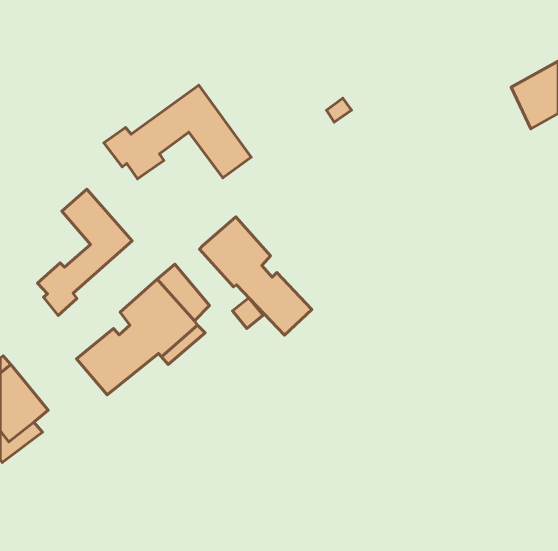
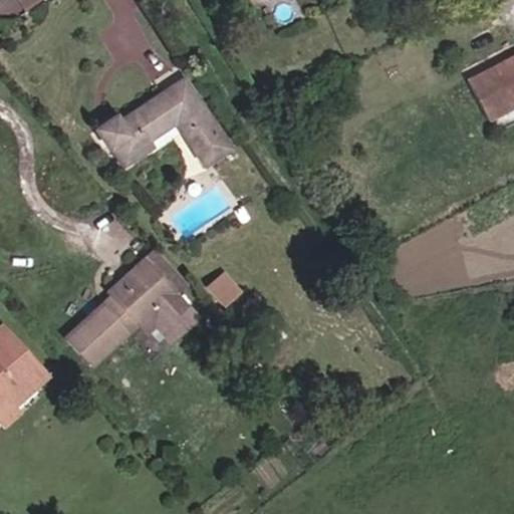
building: [38,189,132,315] -> none
building: [200,217,312,335] -> none

